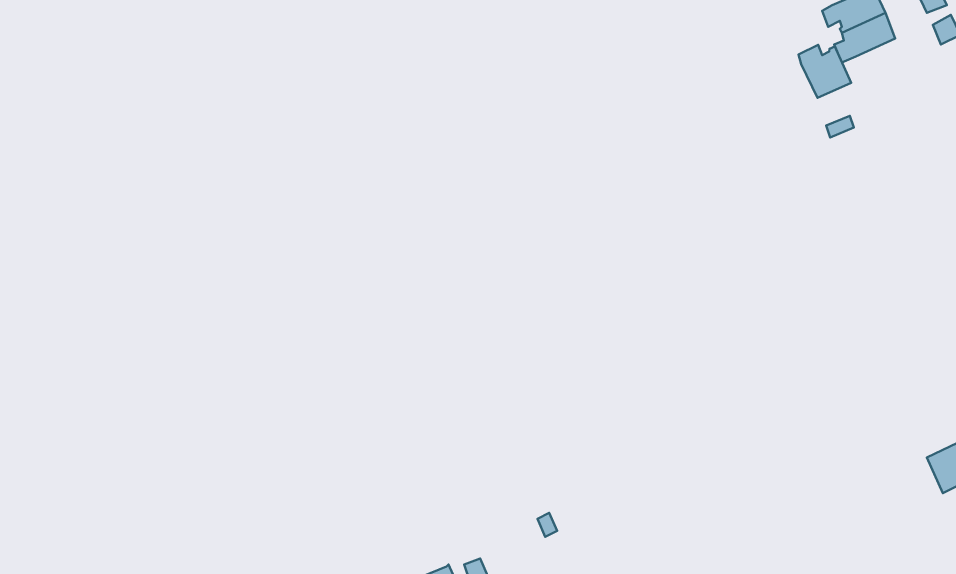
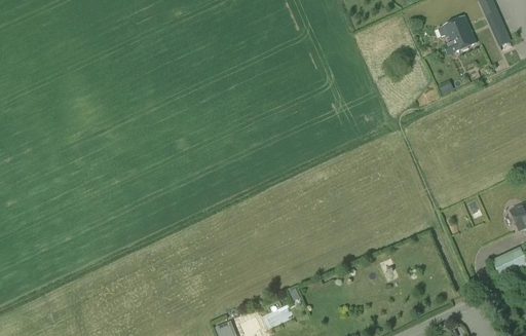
building: [799,45,851,98] -> none

